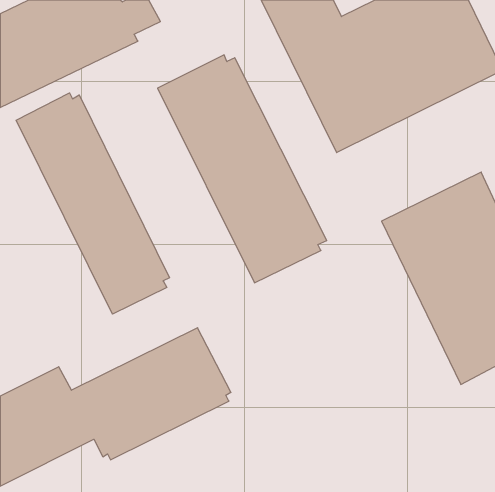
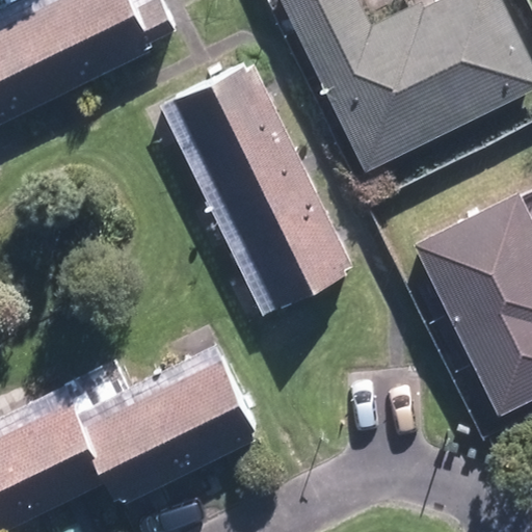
building: [16,93,169,314] -> none

